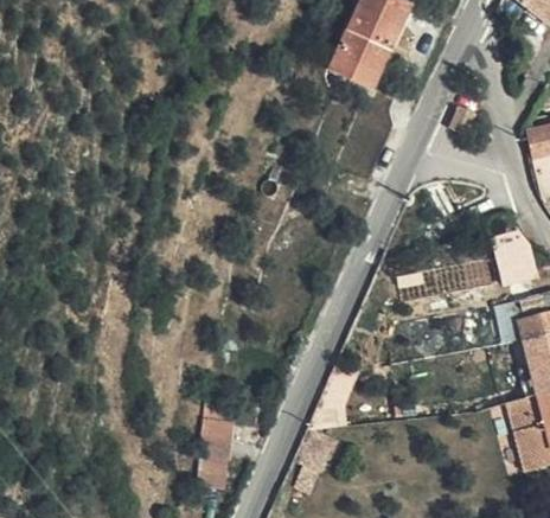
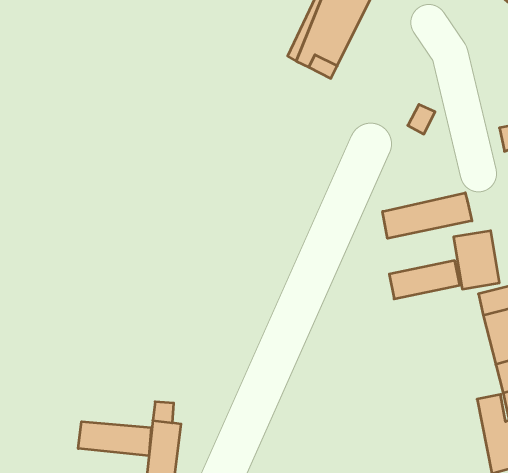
building: none -> [383,193,472,238]
building: none -> [78,422,151,456]

